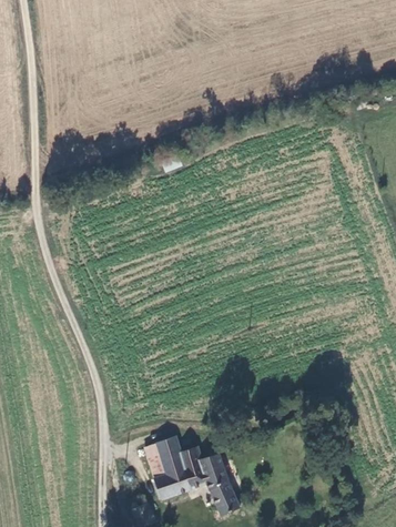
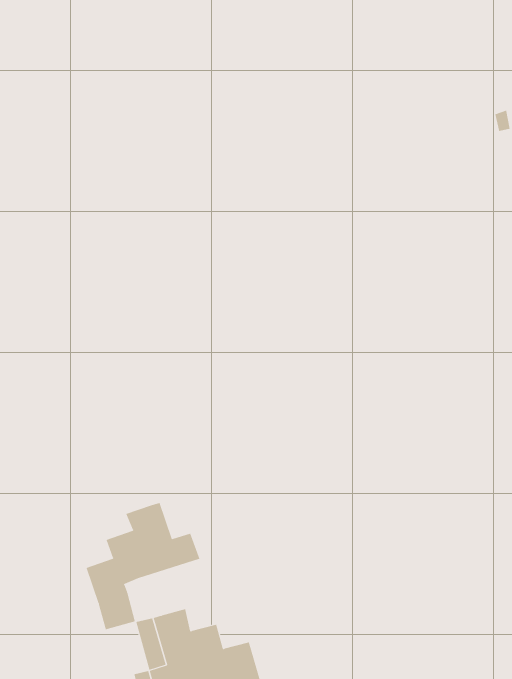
building: none -> [86,502,200,630]

